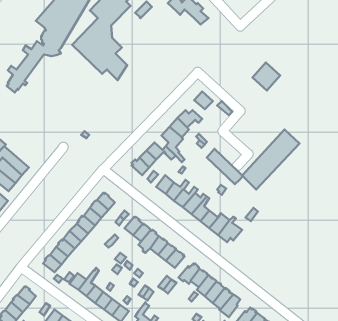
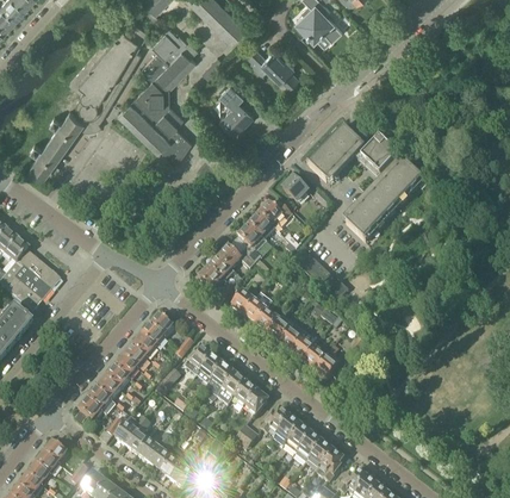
building: none -> [222,81,255,135]
building: none -> [307,125,362,181]
building: [242,129,300,189] -> [347,161,424,242]

